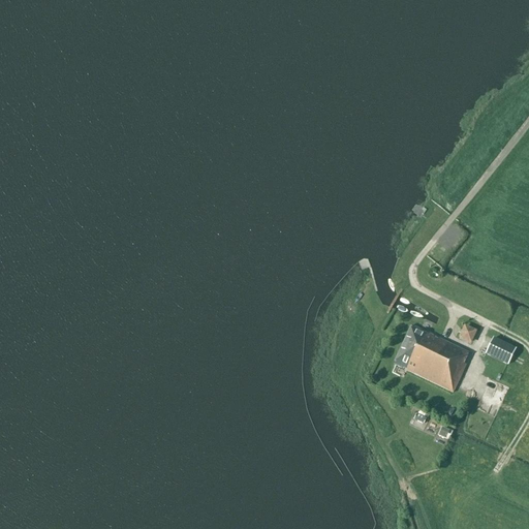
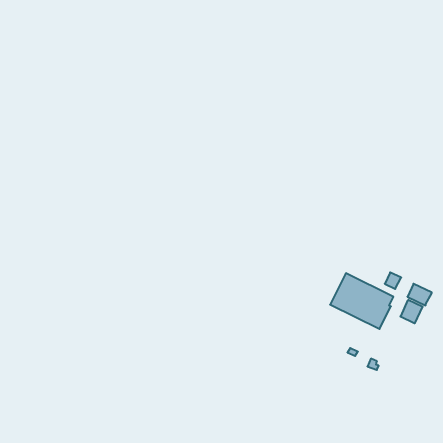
building: none -> [400,300,423,323]

